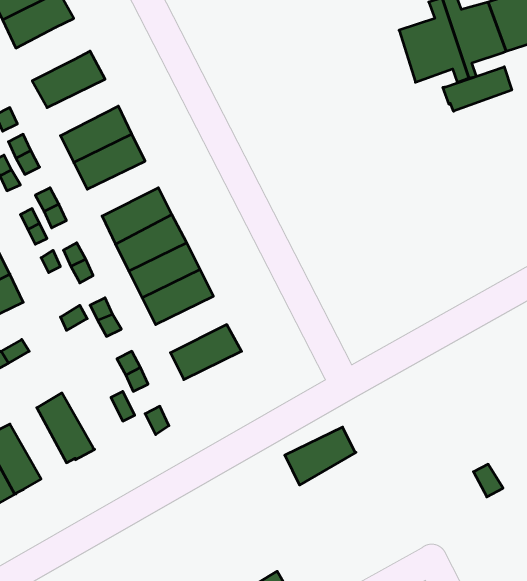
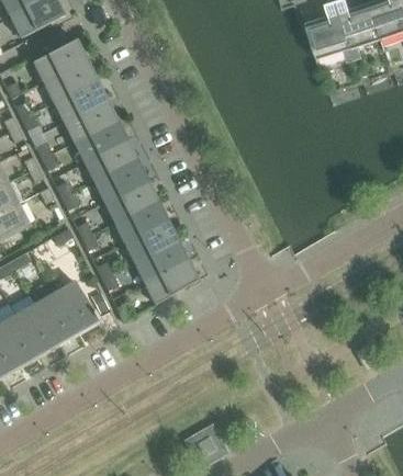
building: [443,67,512,111] -> none
building: none -> [43,60,96,102]
building: none -> [72,121,125,161]
building: none -> [123,220,176,262]
building: none -> [54,281,98,332]
building: none -> [15,303,58,355]
building: [285,427,356,485] -> [144,261,197,304]

